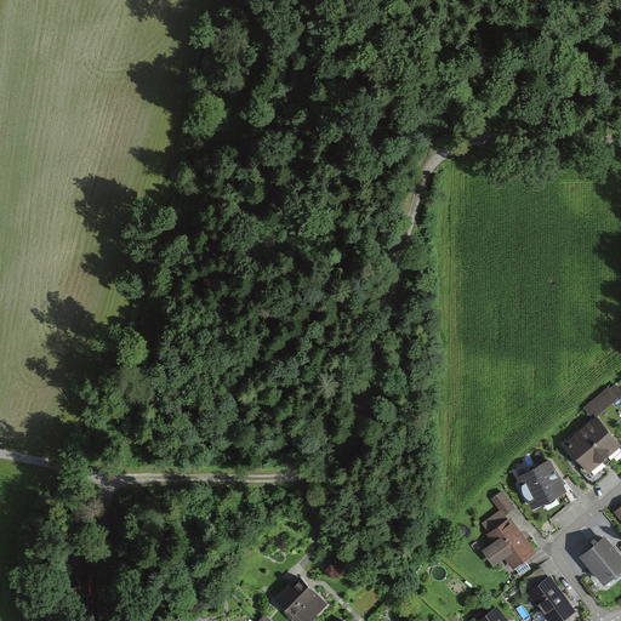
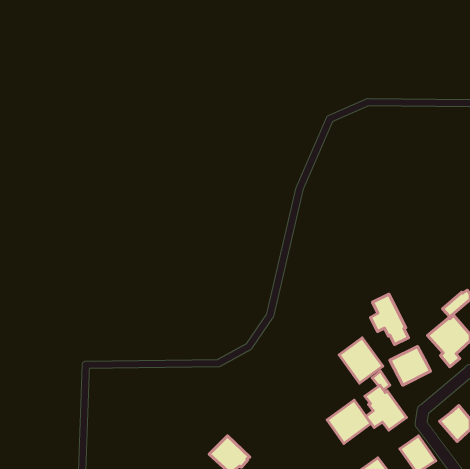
building: none -> [370,294,408,345]
building: none -> [339,338,383,383]
building: none -> [327,400,371,443]

